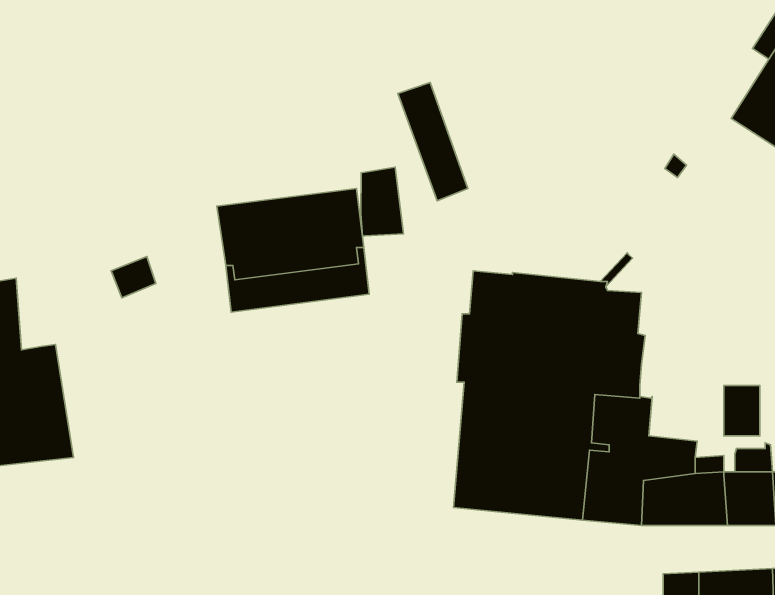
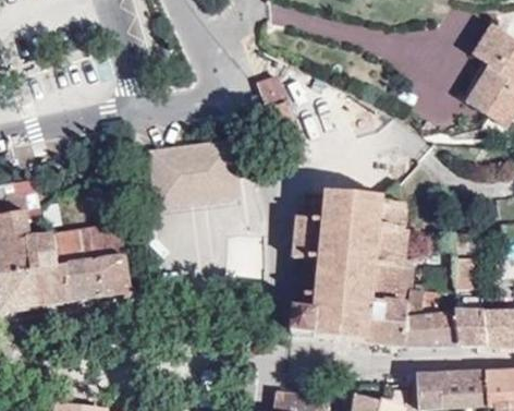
building: [361,167,404,236] -> none
building: none -> [50,225,132,303]

